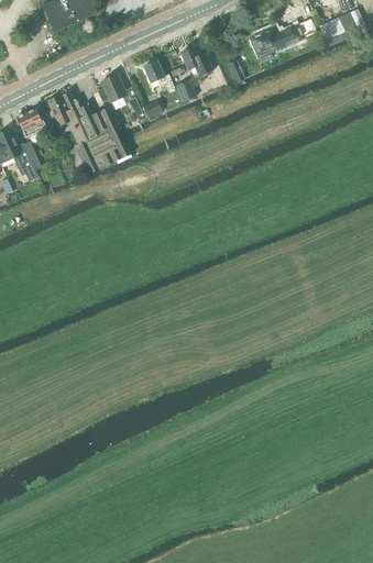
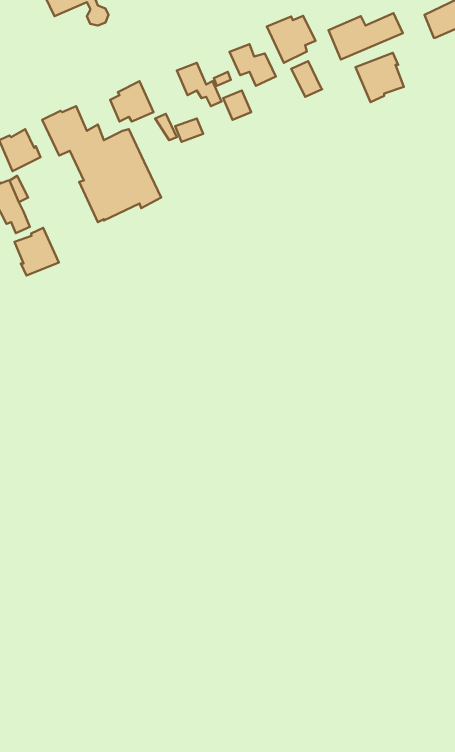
building: none -> [267,16,315,63]
building: none -> [356,53,404,102]
building: none -> [15,228,59,276]

